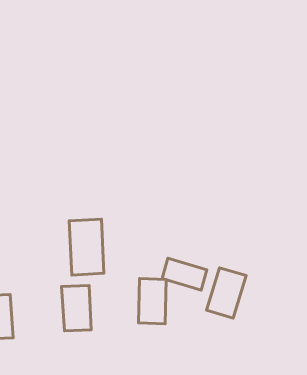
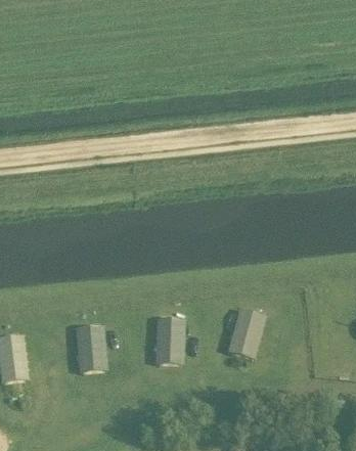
building: [69,219,104,275] -> none
building: [162,258,207,290] -> none

